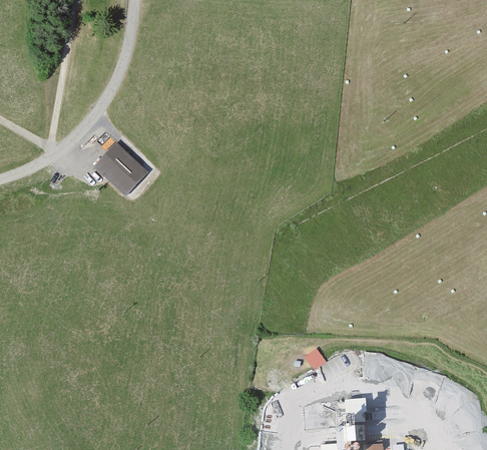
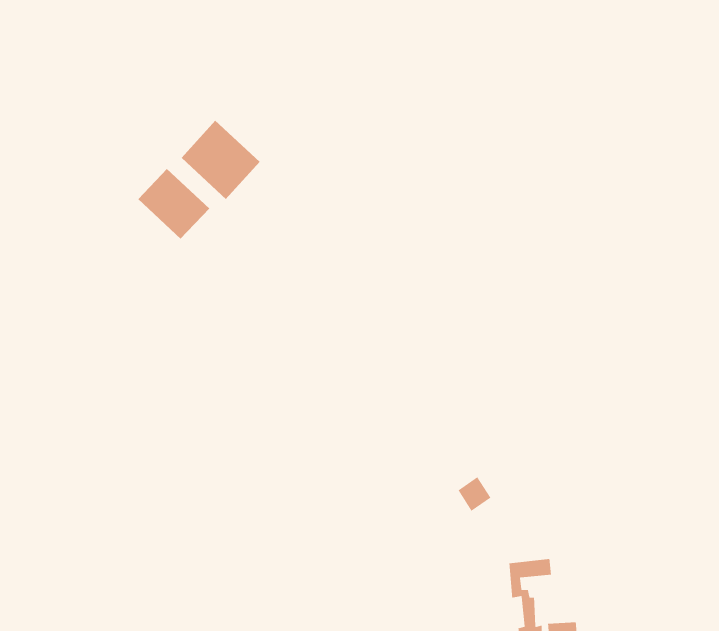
building: none -> [181,120,261,200]

